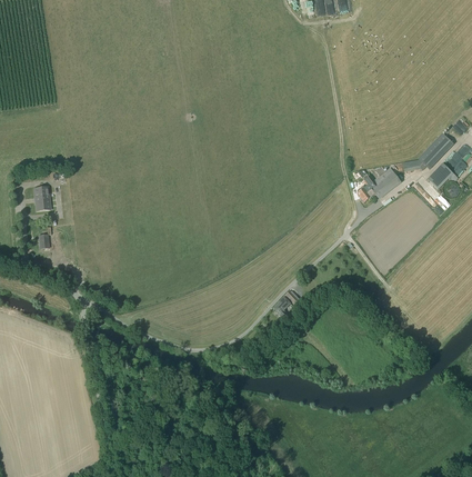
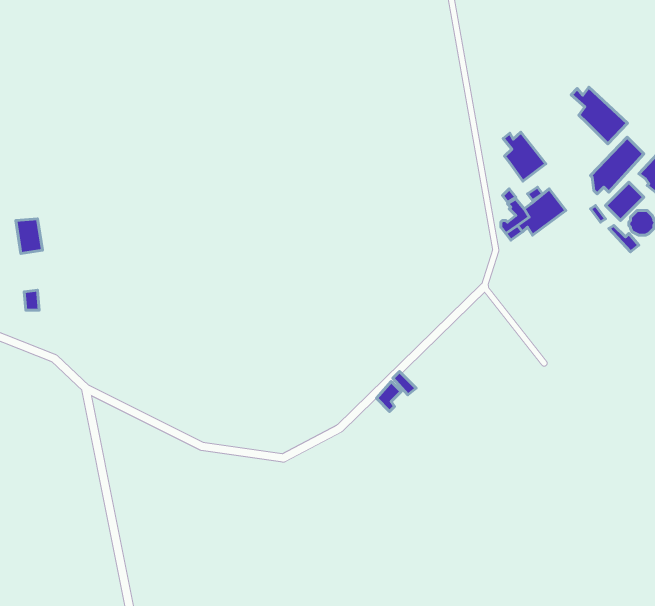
building: none -> [571,87,628,144]
building: none -> [503,132,546,181]

